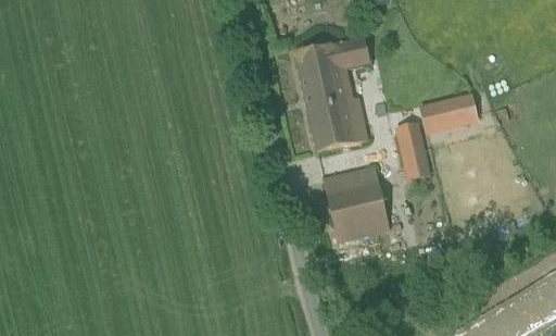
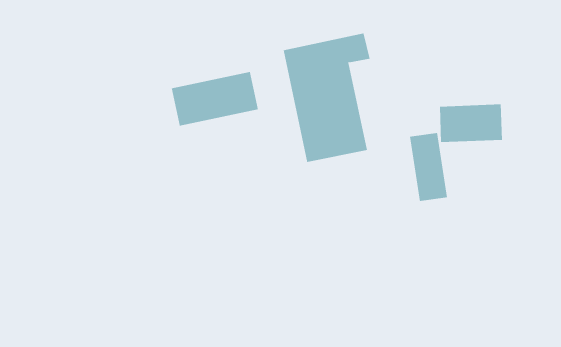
building: none -> [171,71,259,127]
building: [330,170,391,241] -> none

